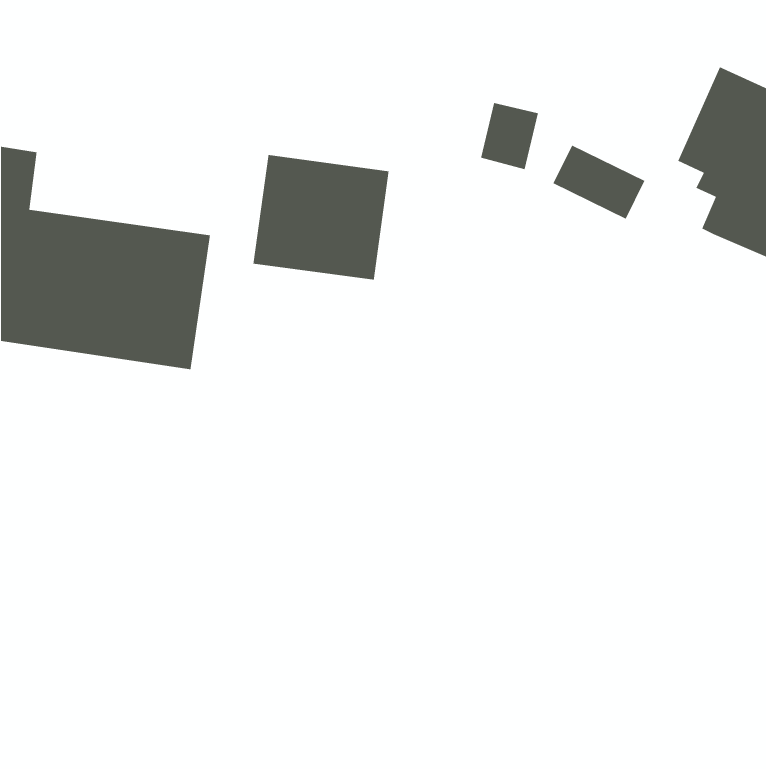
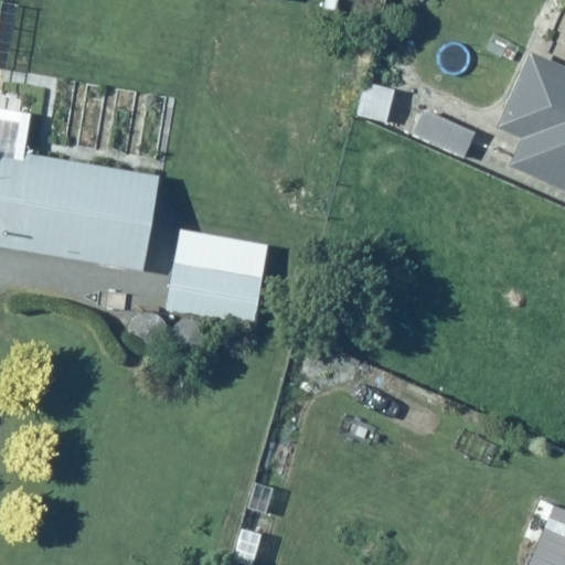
building: [253,154,390,281] -> [166,230,266,322]

